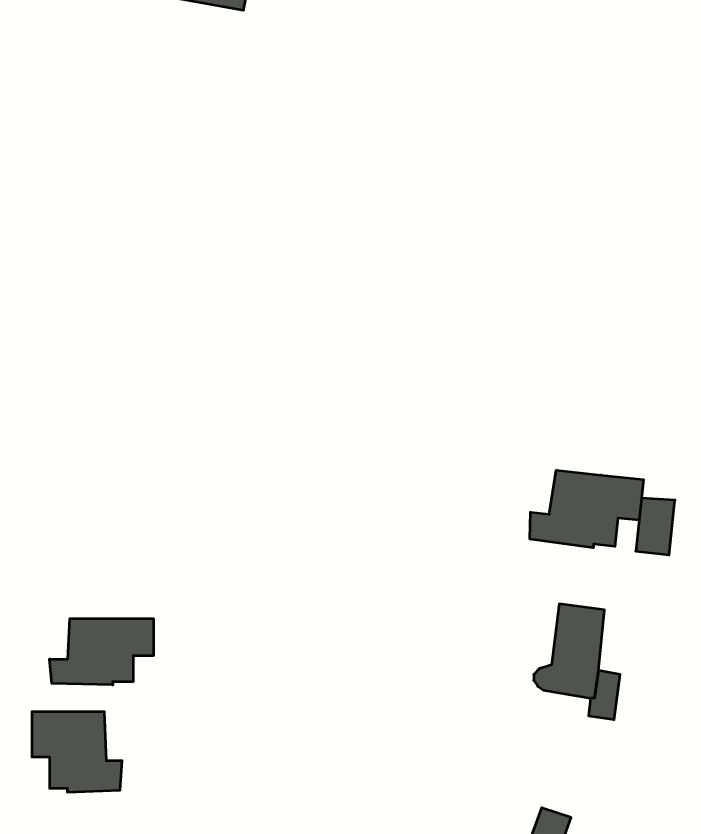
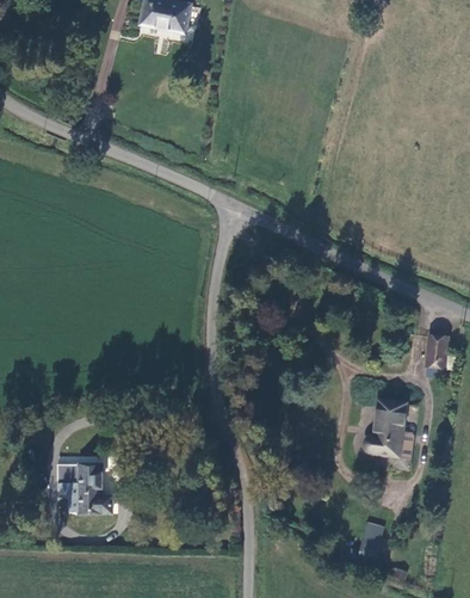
building: [530,470,643,548] -> none
building: [50,619,153,685] -> none

